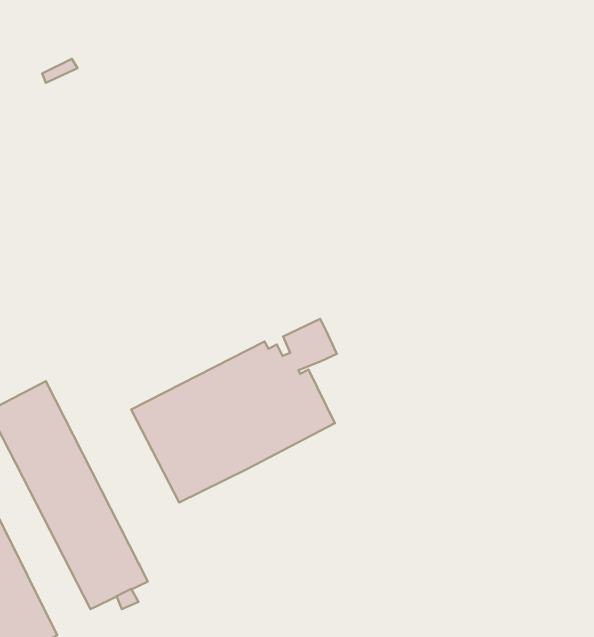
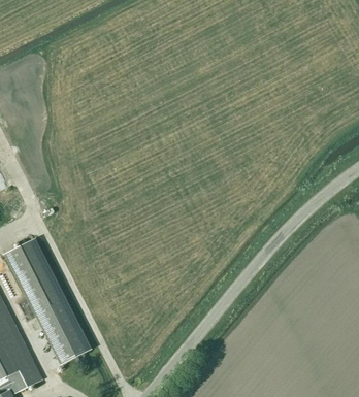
building: [131,319,337,503] -> none

